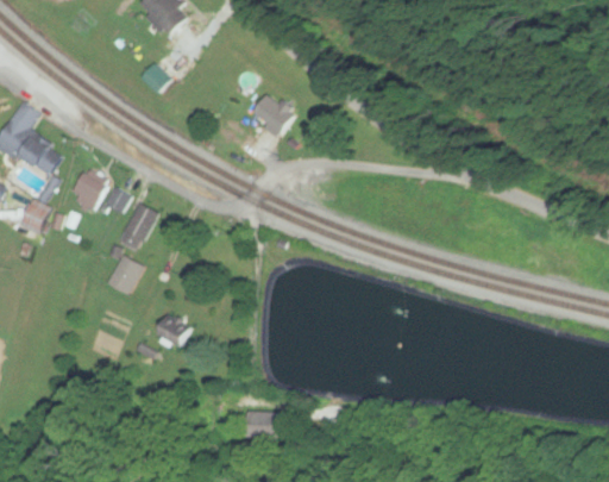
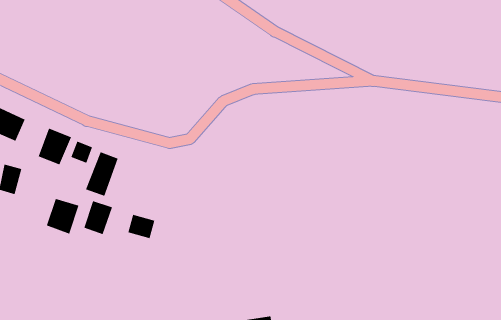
building: [251,90,295,134] -> none
building: none -> [46,198,79,234]
building: [158,317,190,346] -> [128,214,155,239]

